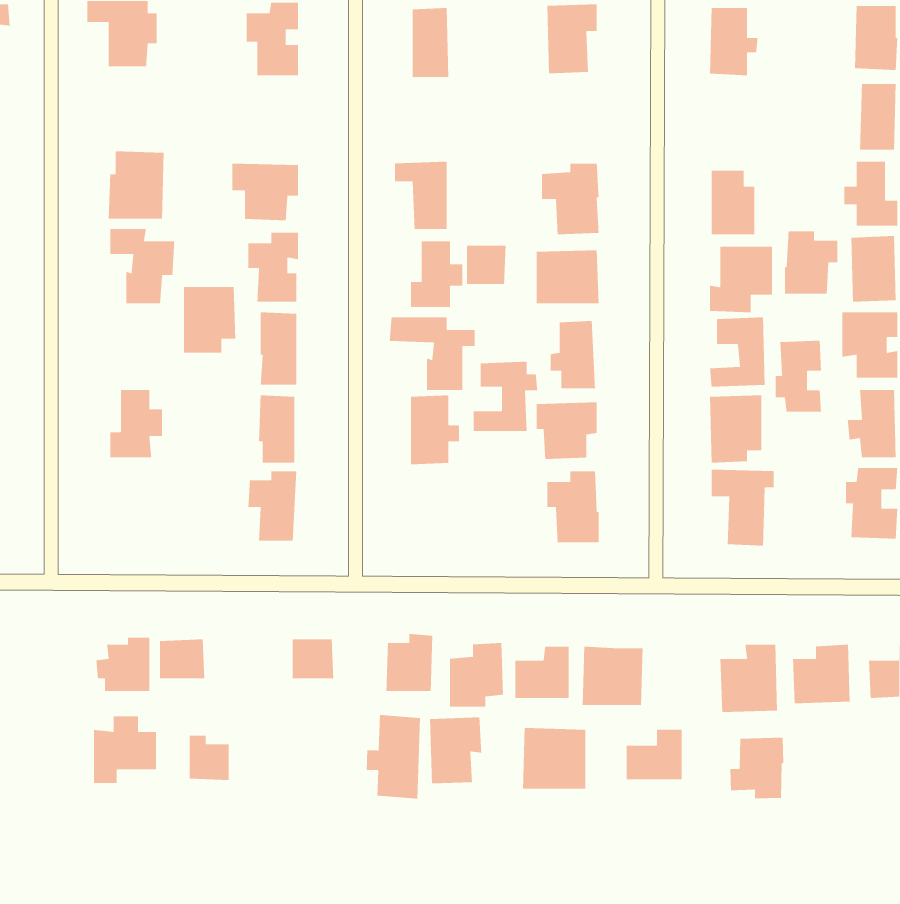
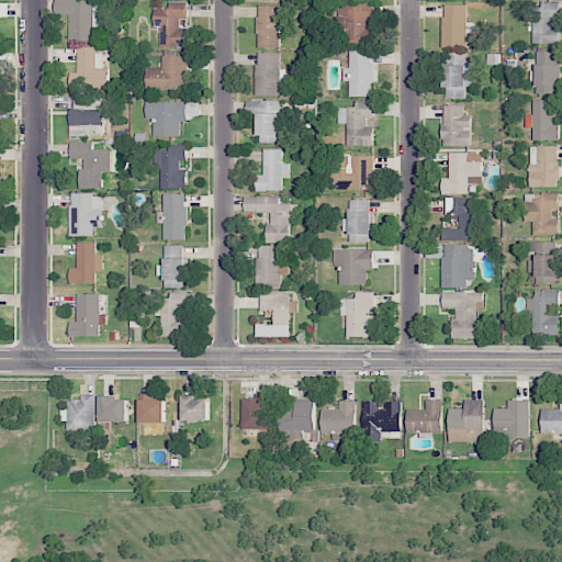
building: none -> [68,48,106,89]
building: none -> [341,49,371,97]
building: none -> [254,52,279,95]
building: none -> [442,53,472,99]
building: none -> [144,56,186,90]
building: [784,231,838,294] -> none
building: [466,245,506,285] -> none
building: [183,286,236,354] -> [68,194,101,236]
building: [775,340,822,412] -> none
building: [473,361,538,432] -> [255,293,295,337]
building: none -> [68,293,104,337]
building: [366,714,421,800] -> none
building: [93,715,157,784] -> none
building: [429,717,482,784] -> none
building: [522,727,586,790] -> none
building: [626,729,683,780] -> [405,401,440,432]
building: [189,735,229,781] -> [138,394,164,423]
building: [730,737,784,799] -> none

